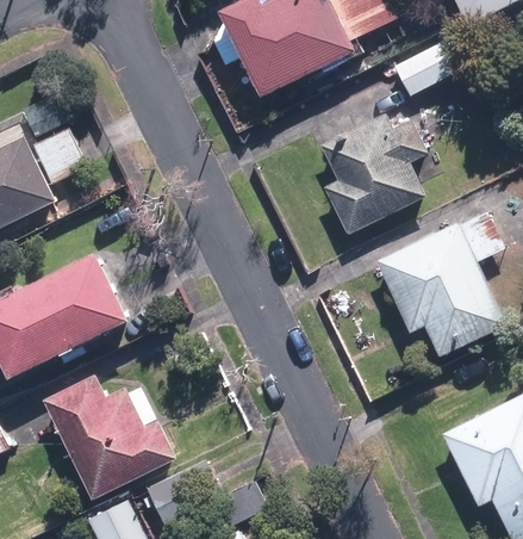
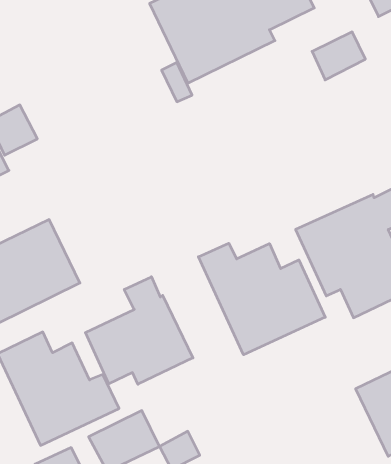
building: [319,114,427,237] -> none
building: none -> [198,243,325,355]
building: none -> [85,277,193,384]

